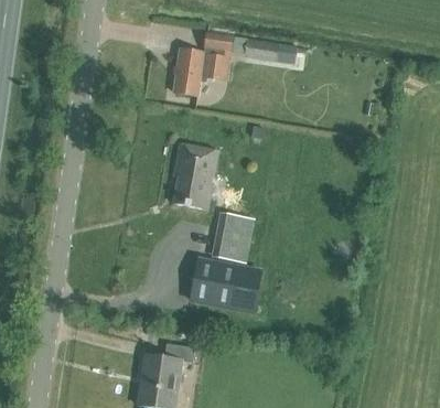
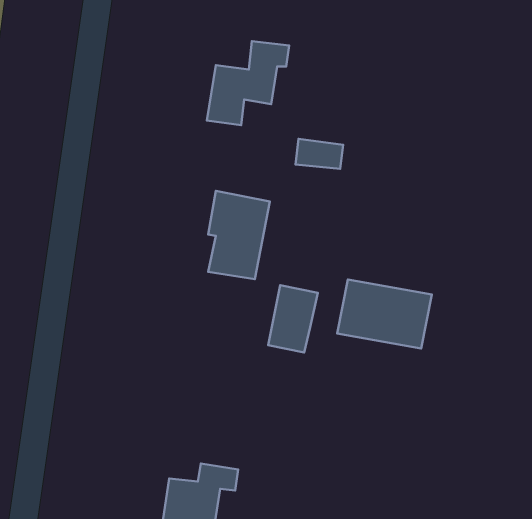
building: [244,40,279,62] -> [295,139,343,169]
building: [192,259,261,310] -> [337,280,432,348]

